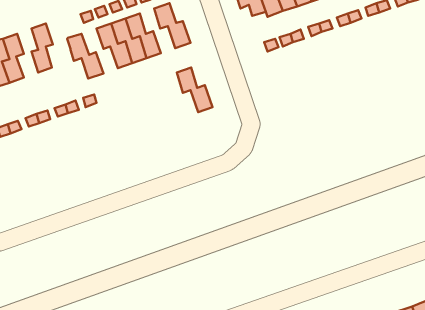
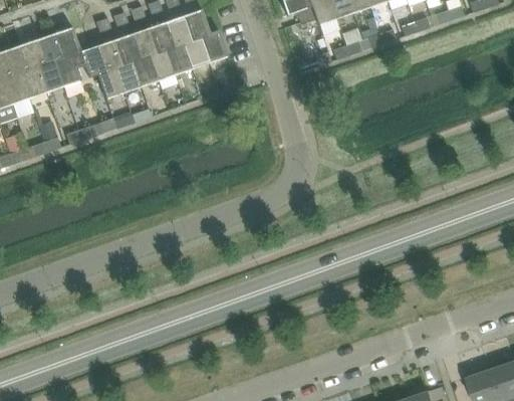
building: none -> [55,27,84,85]
building: none -> [20,39,46,97]
building: none -> [97,39,141,92]
building: [177,67,212,112] -> [167,15,209,68]

